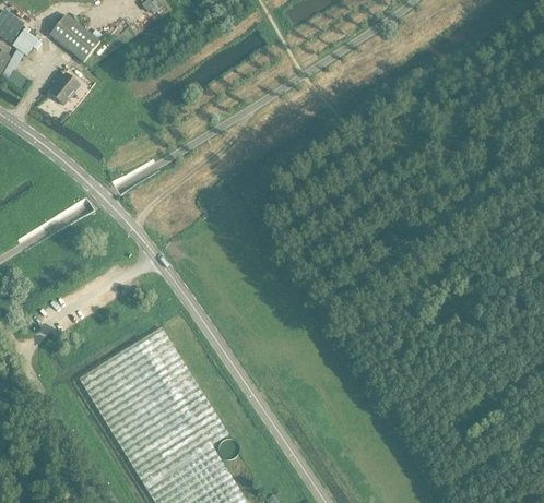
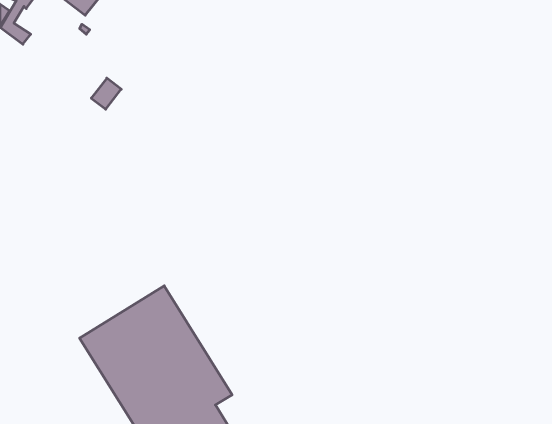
building: [50,74,80,105] -> [91,78,121,109]

